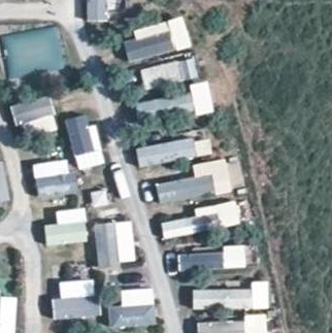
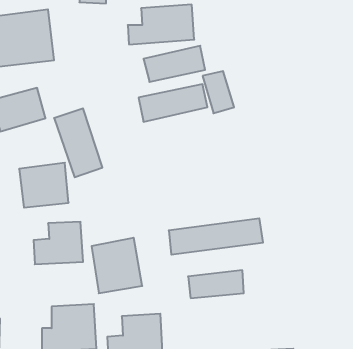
building: [134,131,210,167] -> none
building: [154,157,232,205] -> none
building: [192,286,268,308] -> none

